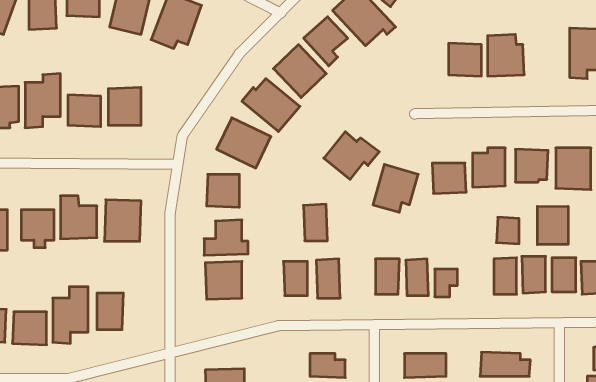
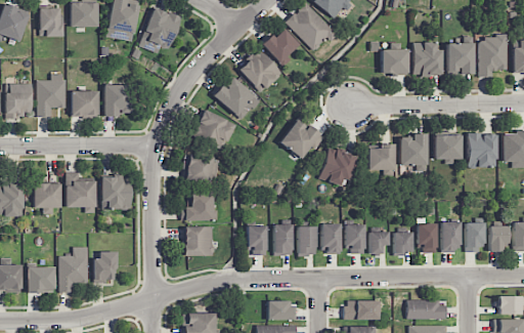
building: none -> [446,42,474,74]
building: [303,204,327,241] -> [297,225,316,255]
building: [537,206,568,245] -> none
building: [496,217,519,244] -> [393,232,411,253]

